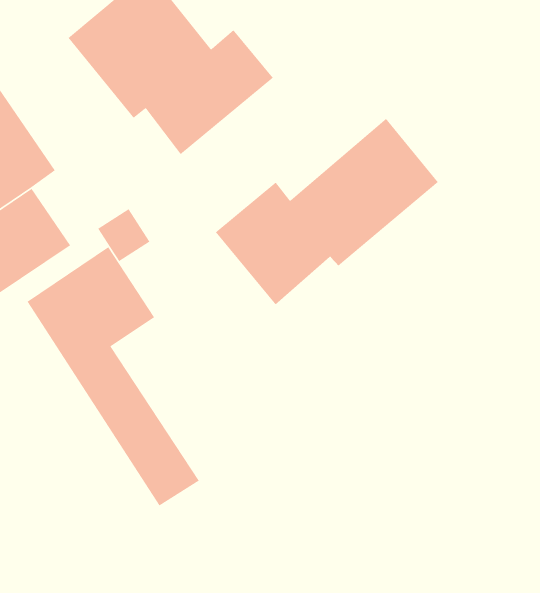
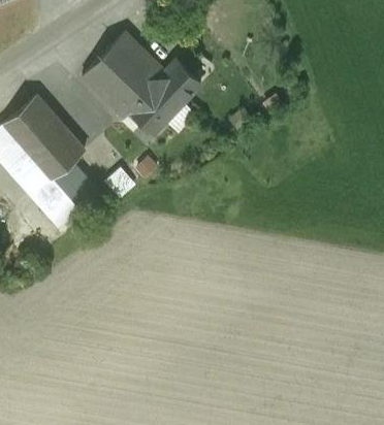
building: [215,118,439,305] -> none
building: [26,246,200,506] -> none

